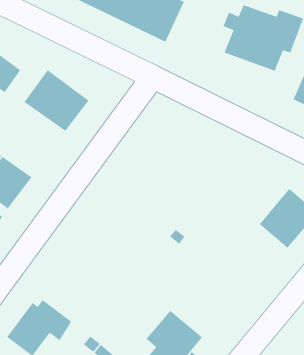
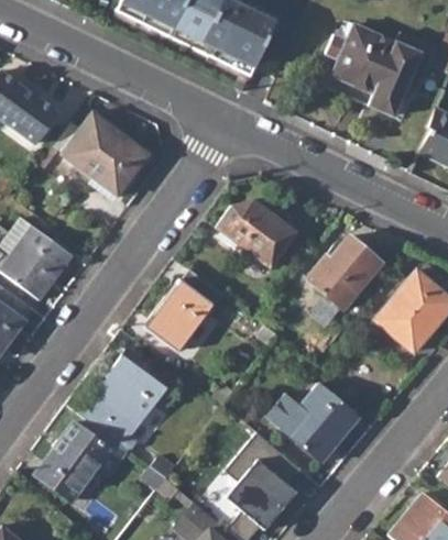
building: none -> [217,201,296,267]
building: none -> [309,234,381,308]
building: none -> [144,271,226,352]
building: none -> [83,348,172,449]
building: none -> [266,384,360,464]

